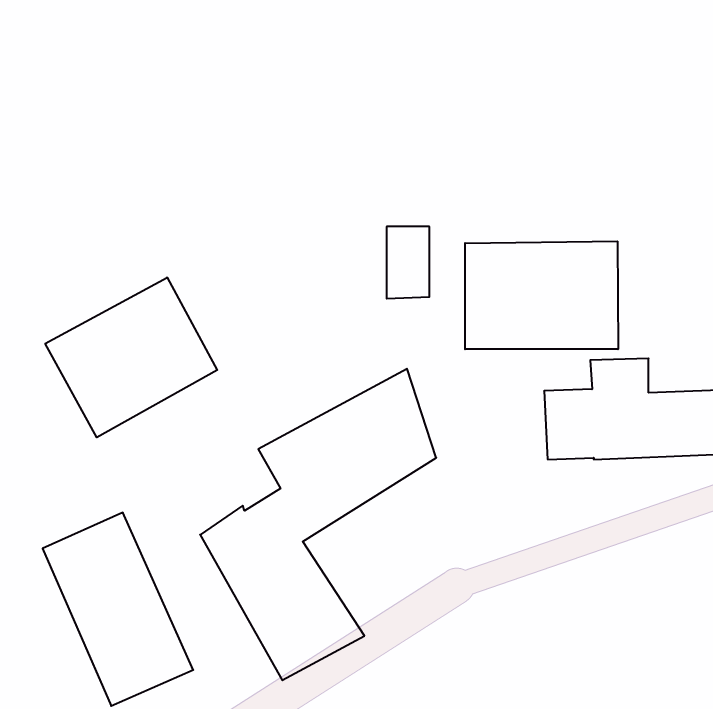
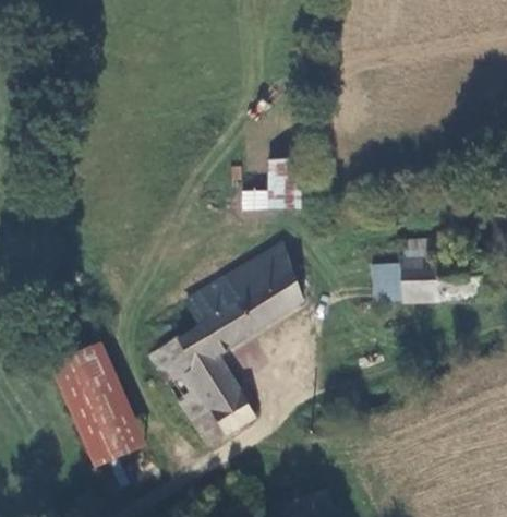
building: [465,241,618,349] -> none
building: [45,277,217,437] -> none

